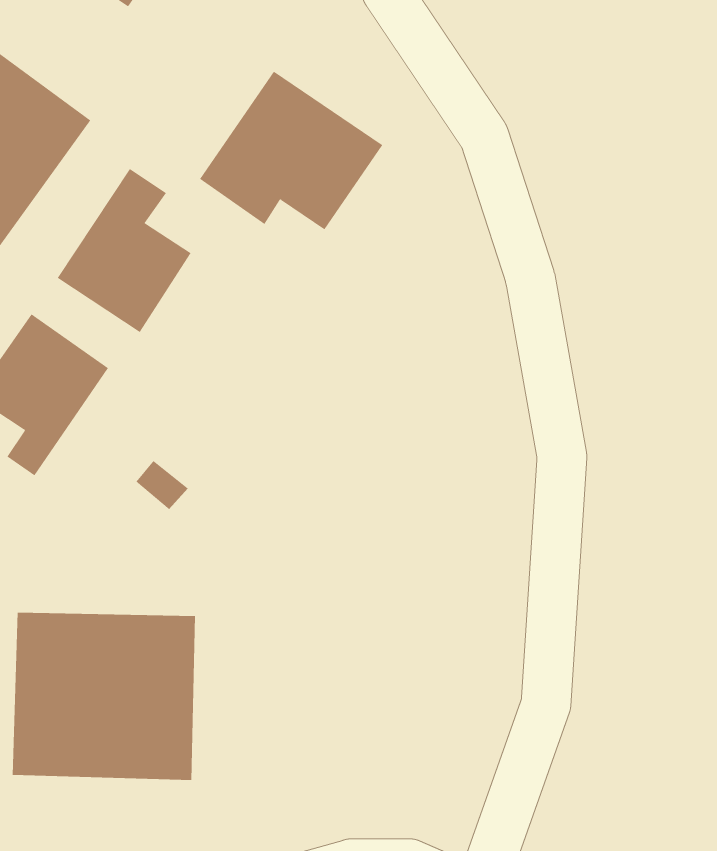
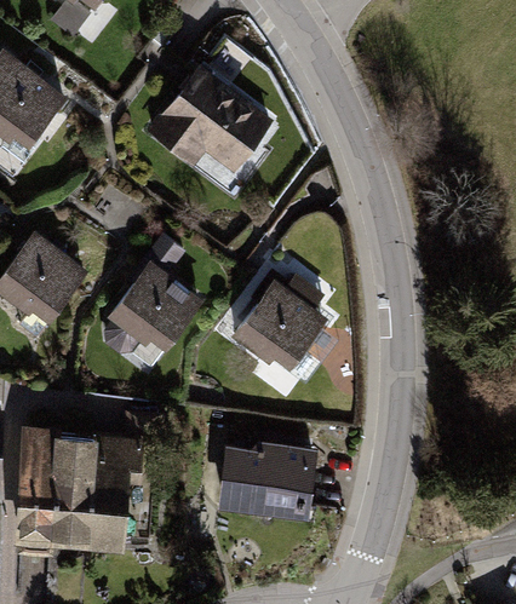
building: [57,168,191,333] -> [110,238,202,351]
building: none -> [229,276,328,372]
building: none -> [219,439,319,520]

